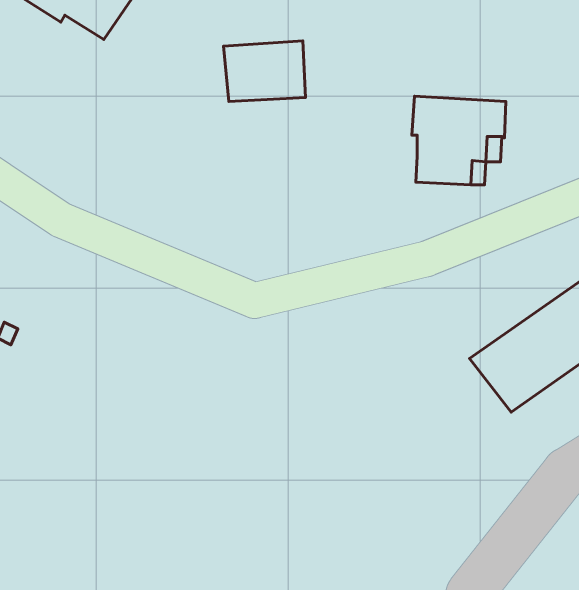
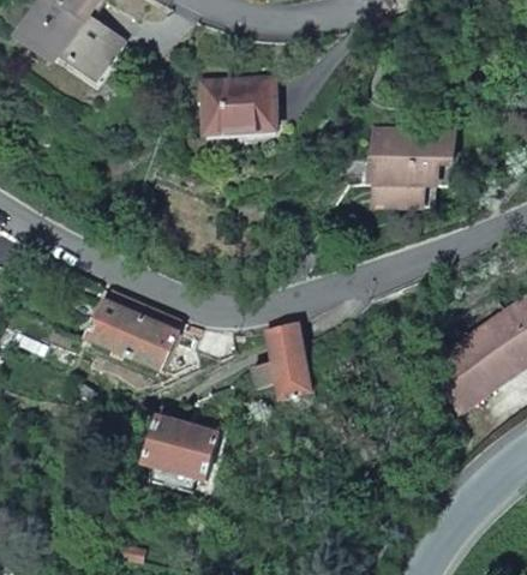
building: none -> [86,292,181,373]
building: none -> [251,322,312,401]
building: none -> [144,414,220,483]

